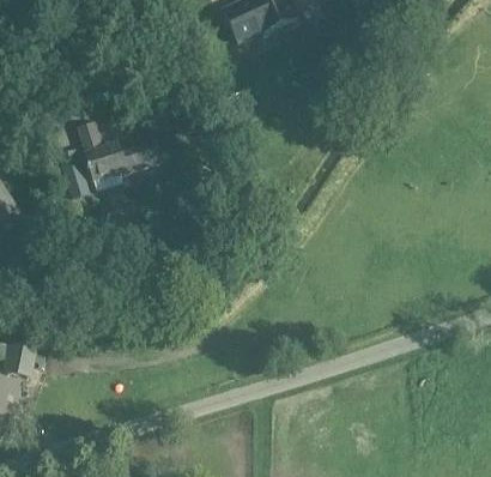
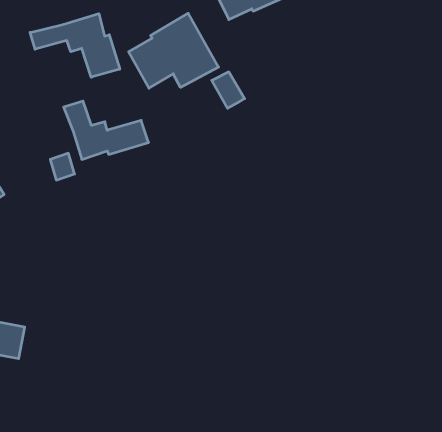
building: none -> [129,13,219,88]
building: none -> [30,14,120,77]

